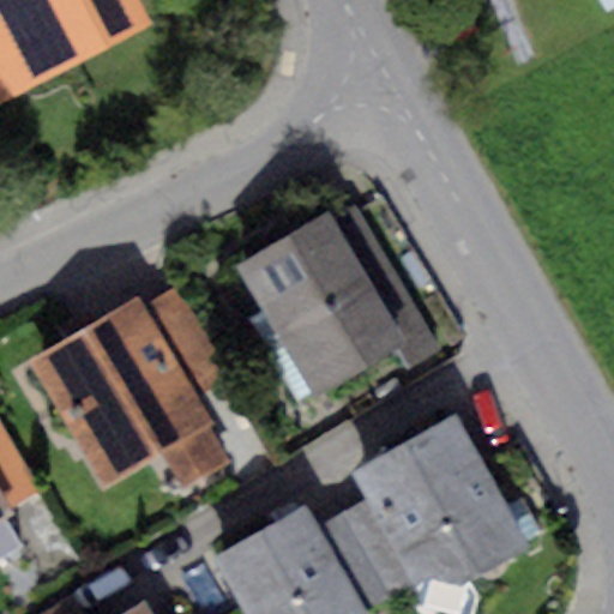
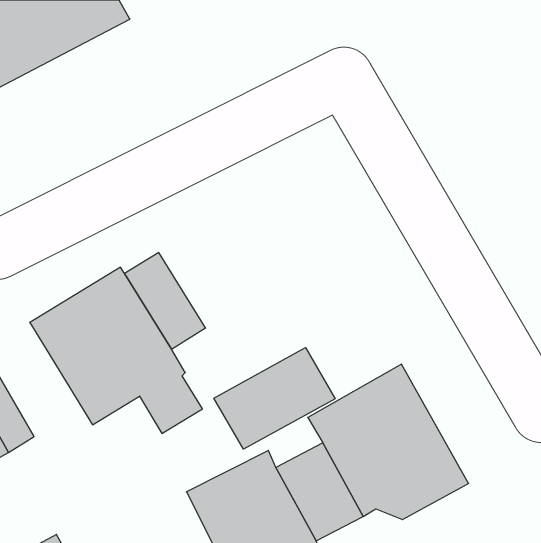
building: [231,206,438,399] -> none
building: none -> [214,348,335,449]

